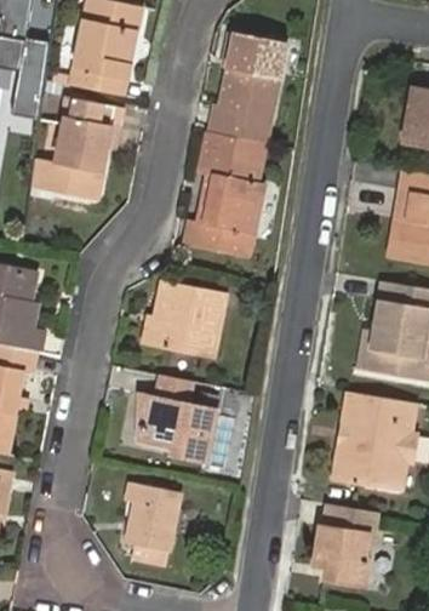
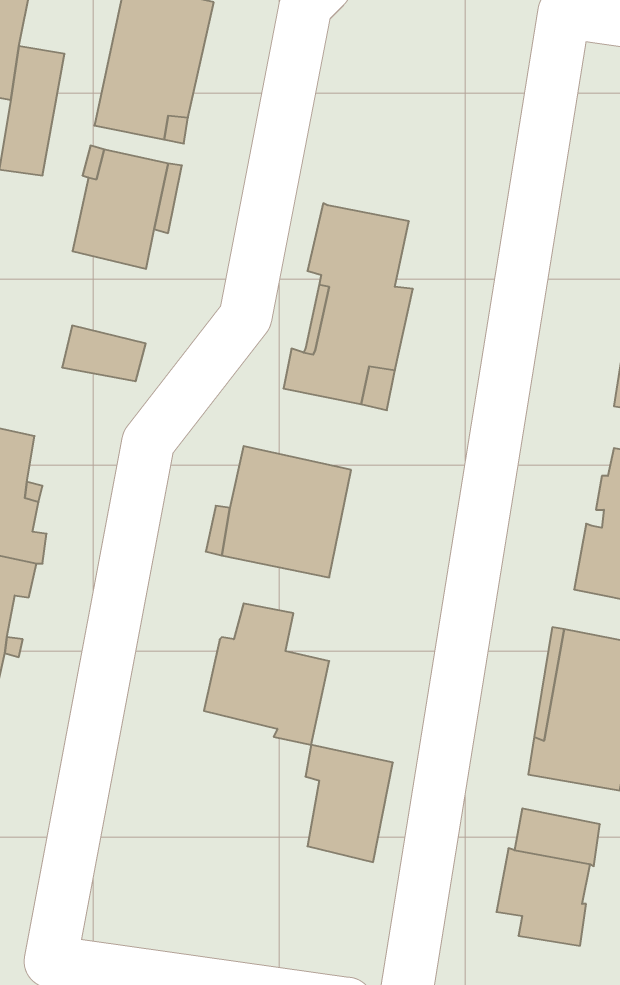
building: [212,35,282,143] -> none
building: [51,161,102,195] -> [62,326,146,381]
building: [126,480,179,552] -> [305,745,393,862]

